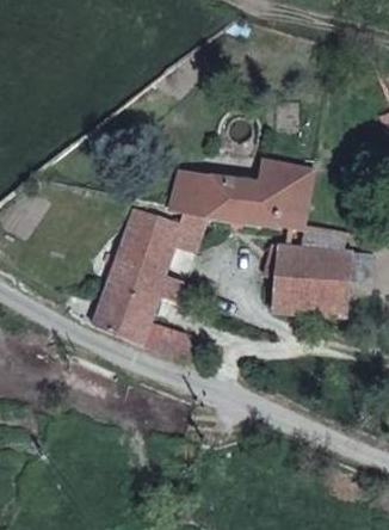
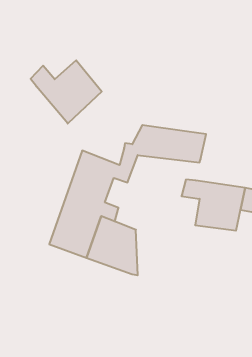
building: none -> [31,60,102,124]
building: [266,159,319,222] -> none

